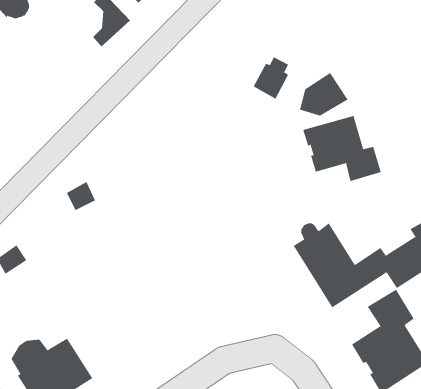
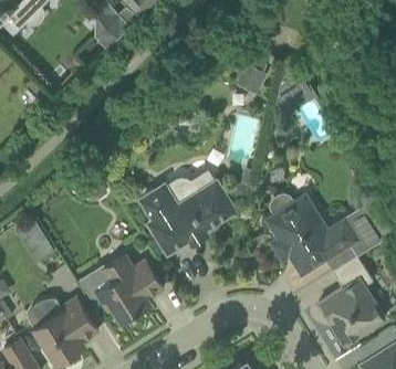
building: [303,115,381,182] -> none
building: none -> [137,178,233,252]
building: none -> [95,255,163,323]

